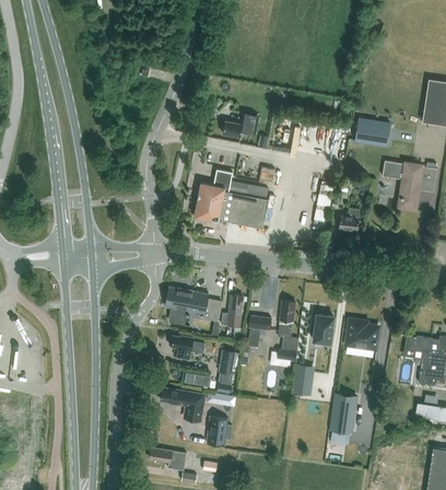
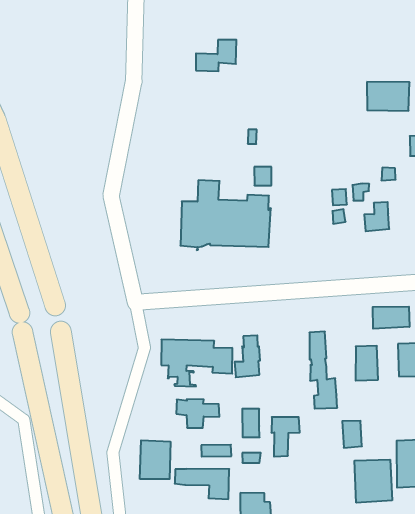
building: [223,114,258,138] -> [196,40,236,71]
building: none -> [373,307,409,329]
building: [247,316,271,348] -> [271,417,300,457]
building: none -> [140,440,170,479]
building: none -> [355,460,392,503]

